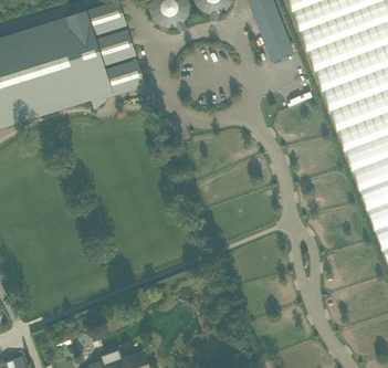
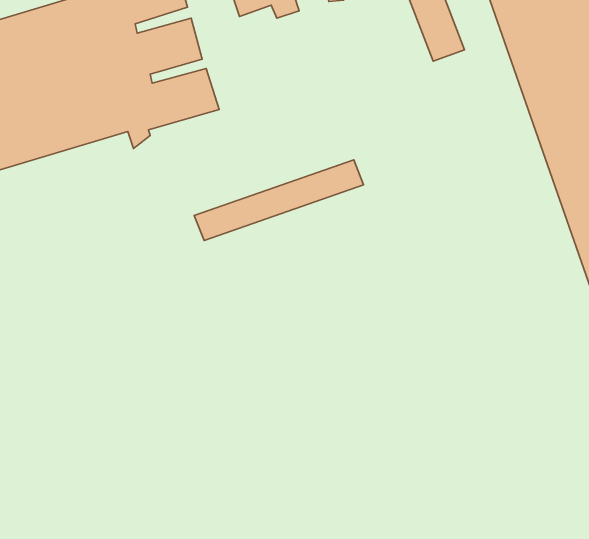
building: none -> [194,160,364,241]

